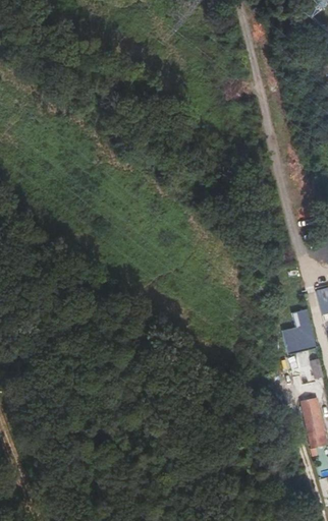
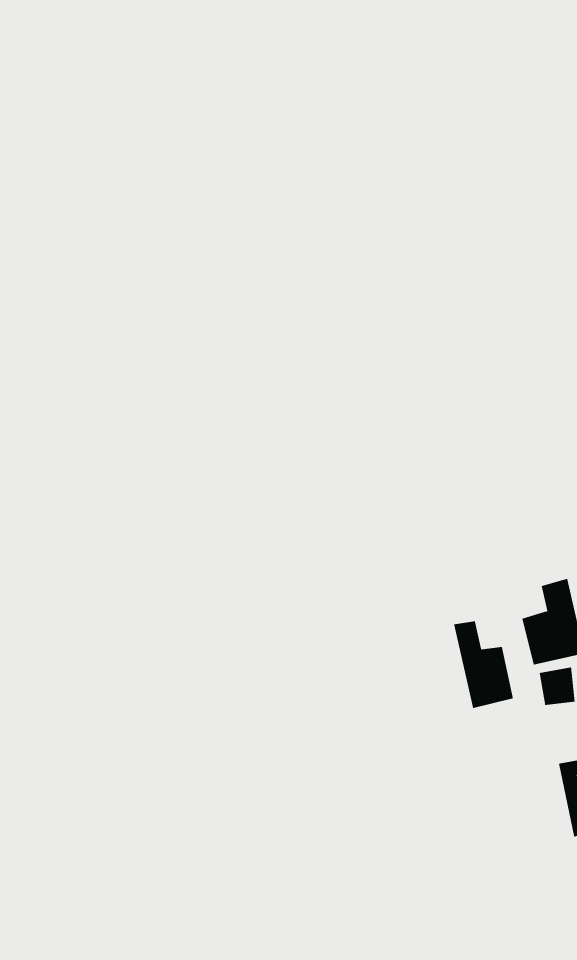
building: none -> [453,620,514,709]

